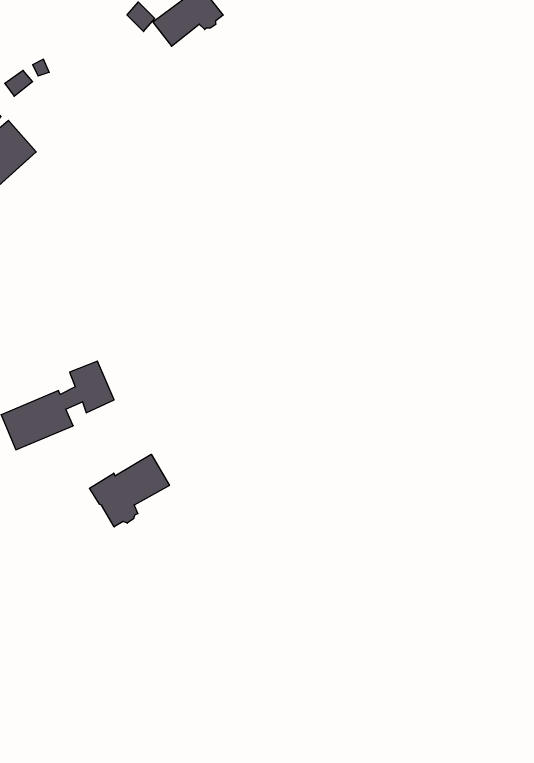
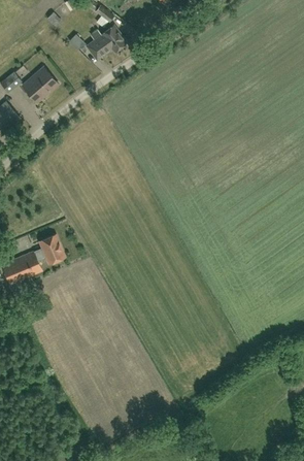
building: none -> [22,67,58,102]
building: [89,454,169,527] -> none

